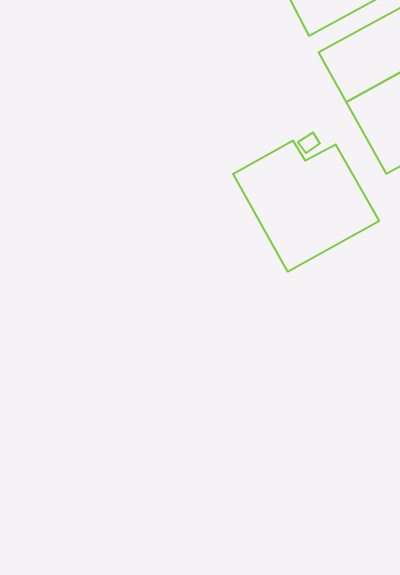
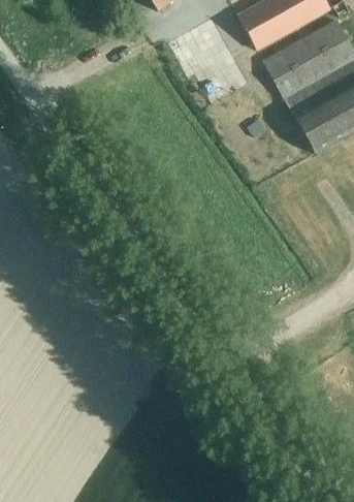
building: [233,141,379,272] -> none

